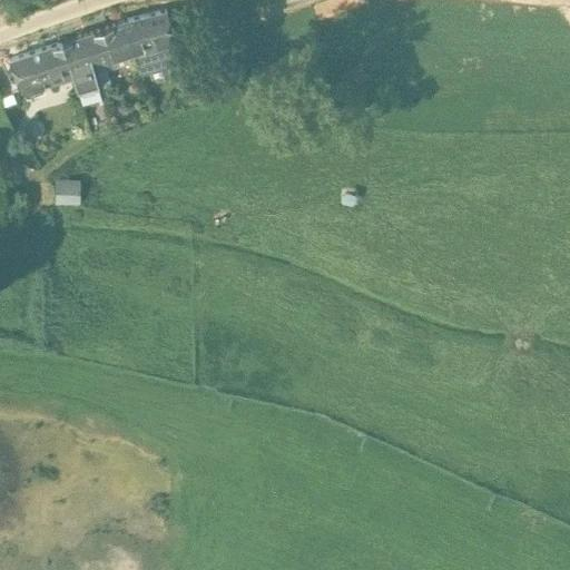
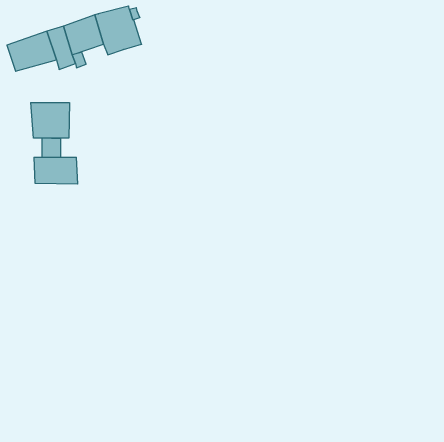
building: none -> [31,103,69,138]
building: none -> [34,157,78,184]

